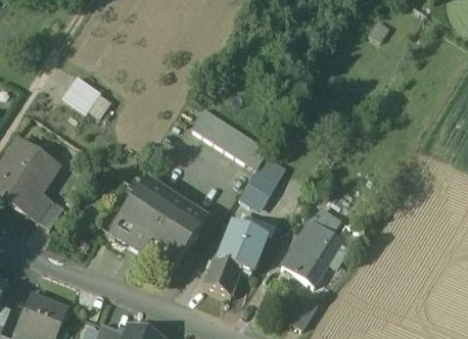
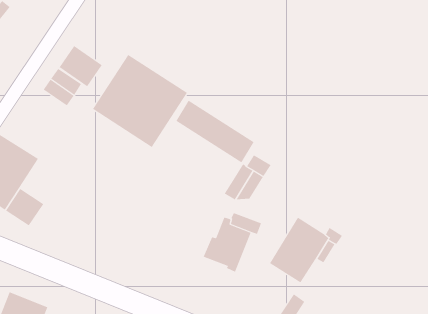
building: none -> [59,45,102,87]
building: [111,180,204,271] -> [92,54,188,148]
building: [202,256,241,295] -> none

